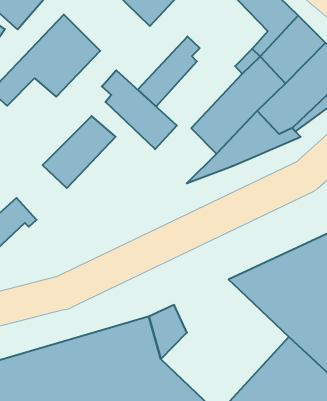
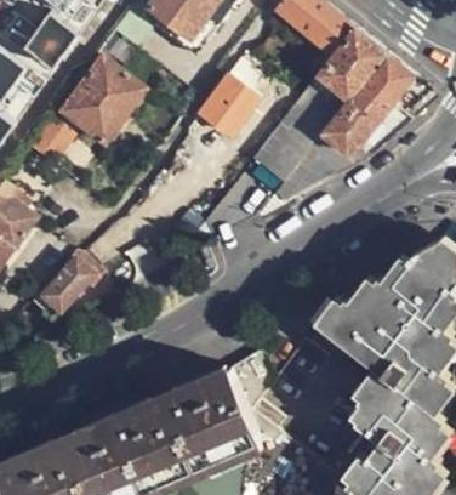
building: [102,70,177,149] -> none
building: [43,116,116,188] -> none

